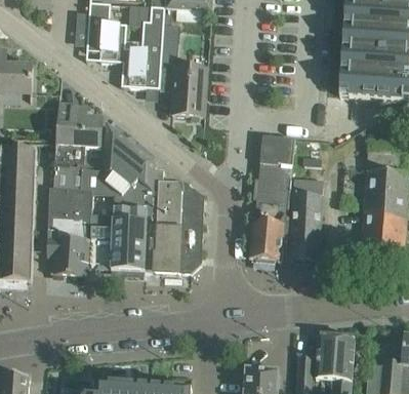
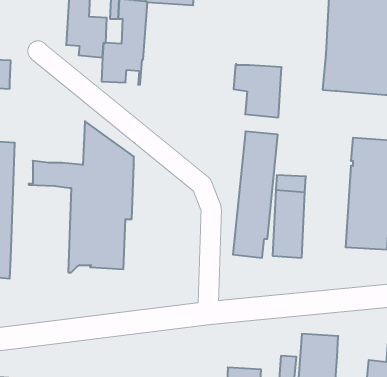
building: [159,64,206,116] -> [234,64,282,117]
building: [53,106,105,167] -> none
building: [142,167,203,272] -> none
building: [46,187,91,275] -> none

